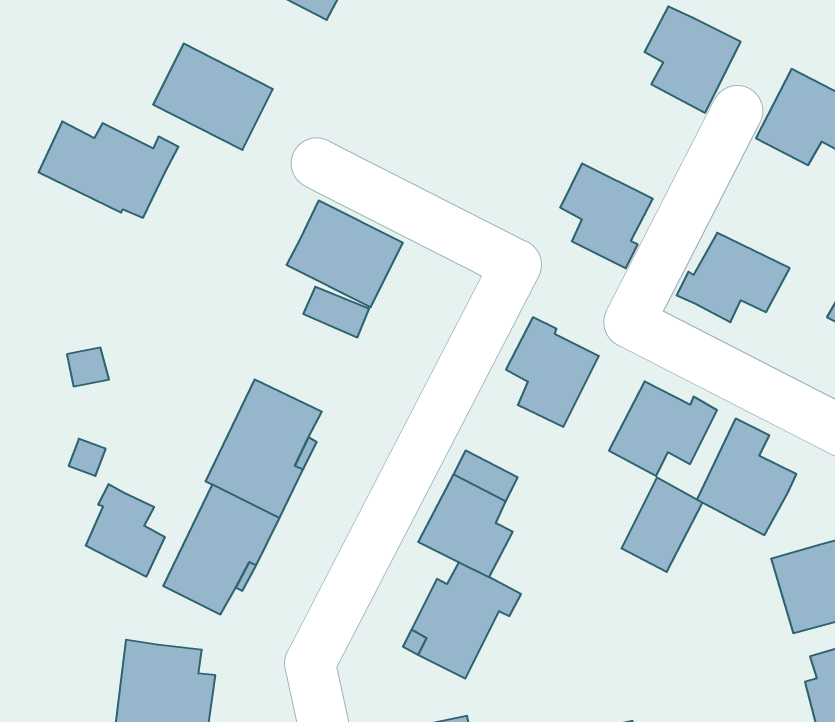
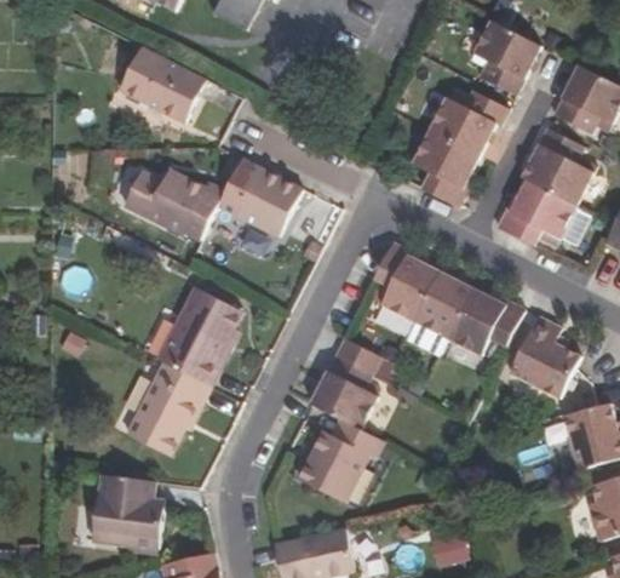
building: none -> [427,90,509,158]
building: [38,121,179,218] -> [125,168,225,238]
building: none -> [519,127,593,207]
building: [621,477,702,572] -> [414,270,472,338]
building: [86,484,165,577] -> none

